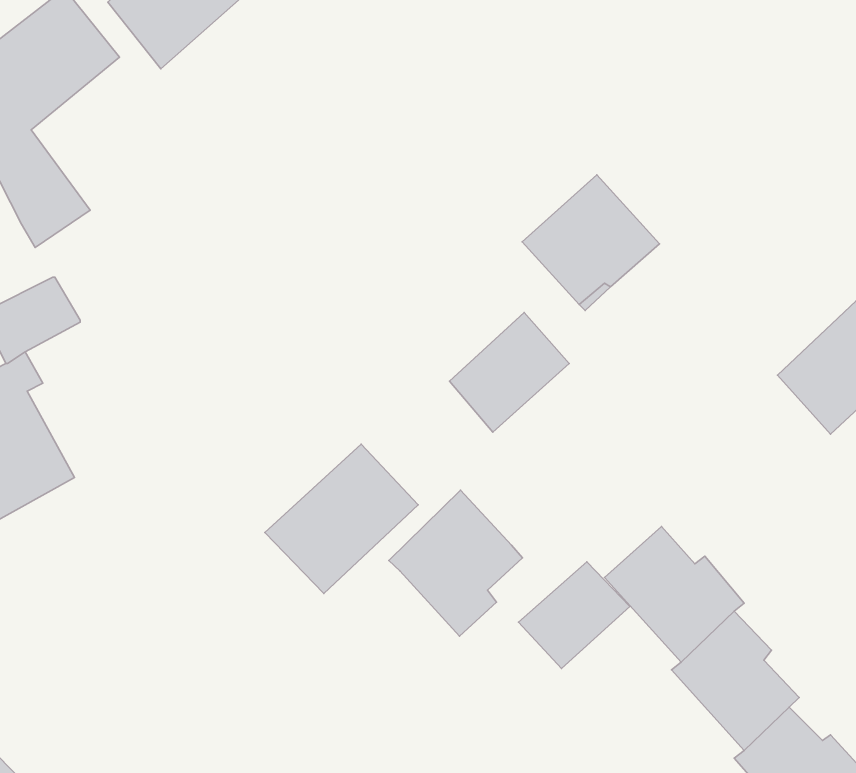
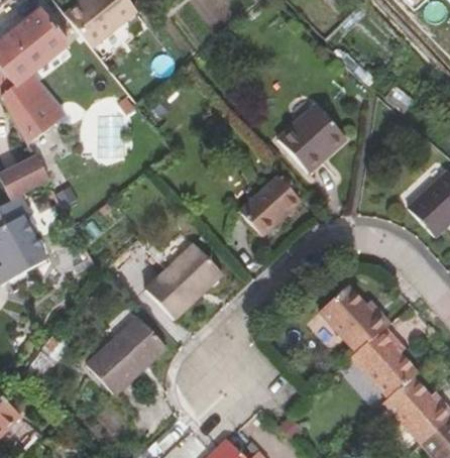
building: [389,490,523,636] -> none
building: [519,562,630,669] -> none
building: none -> [86,316,167,395]

